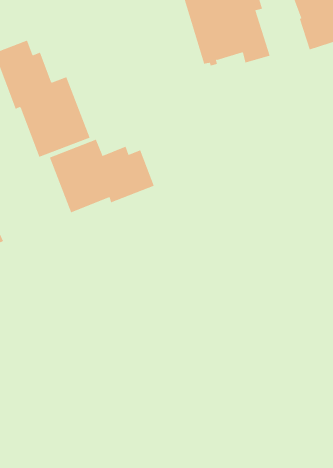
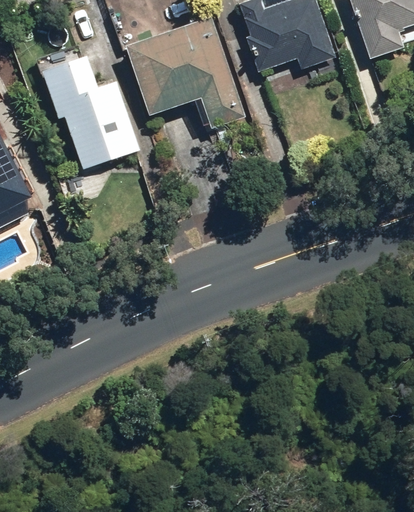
building: none -> [122,18,249,128]
building: [49,139,155,213] -> none

